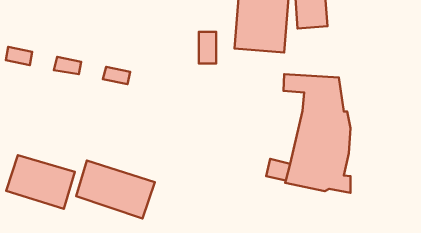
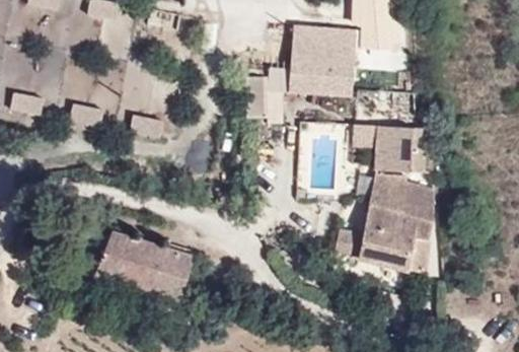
building: [6,155,75,209] -> none

